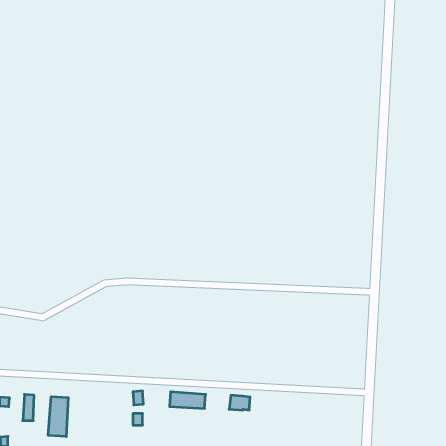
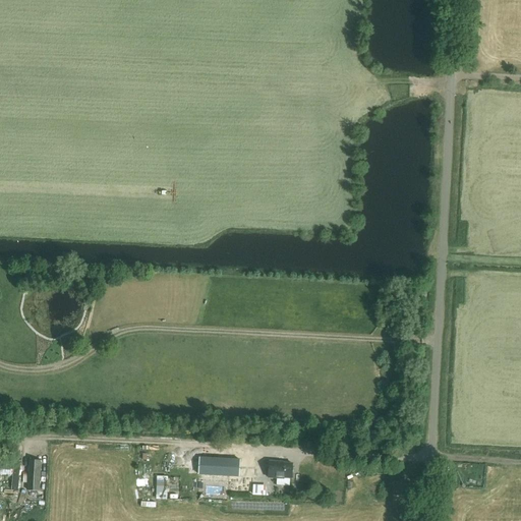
building: [48,397,68,437] -> none

